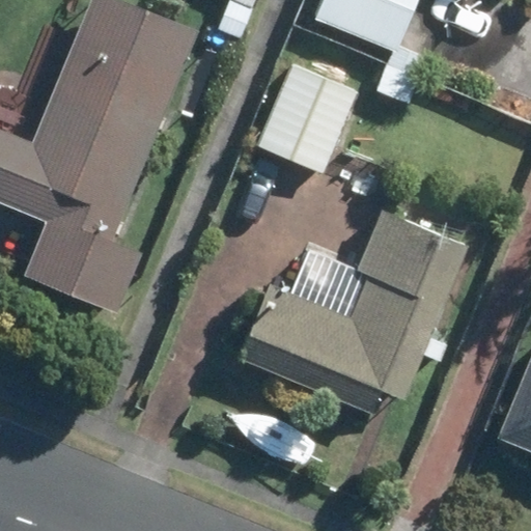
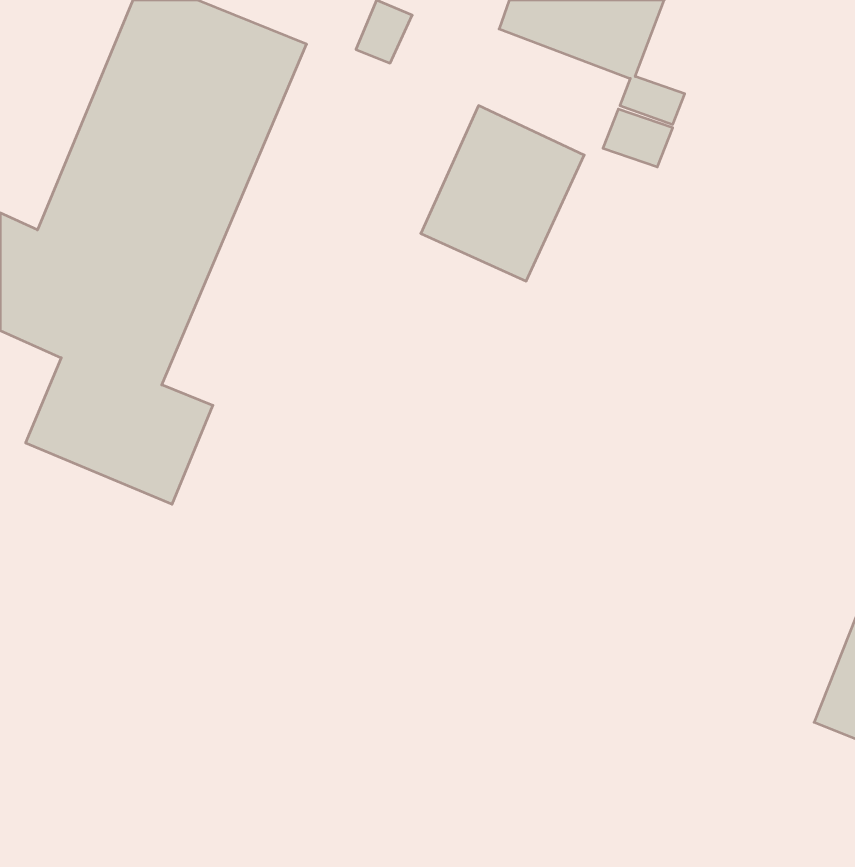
building: [237,213,462,412] -> none

